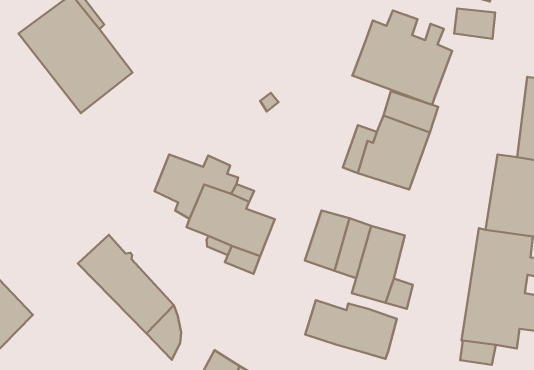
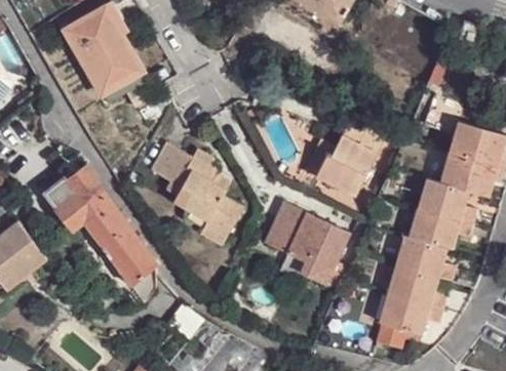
building: [352,10,452,105] -> none
building: none -> [36,157,111,229]
building: [305,300,397,359] -> none

